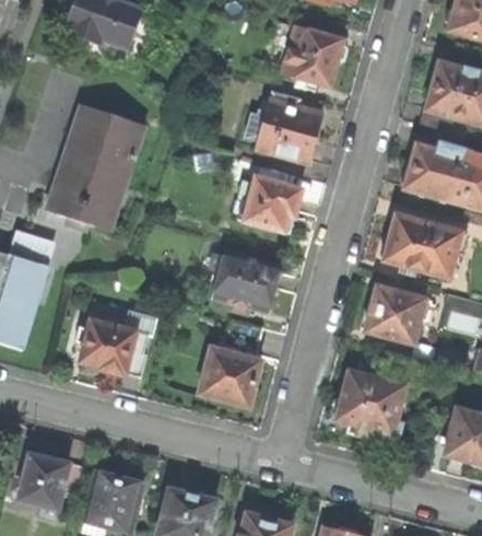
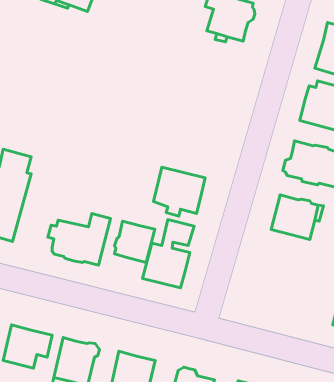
building: [244,90,320,162] -> none
building: [47,103,143,228] -> none
building: [237,173,299,230] -> none
building: none -> [114,221,155,263]
building: [327,370,404,442] -> none

